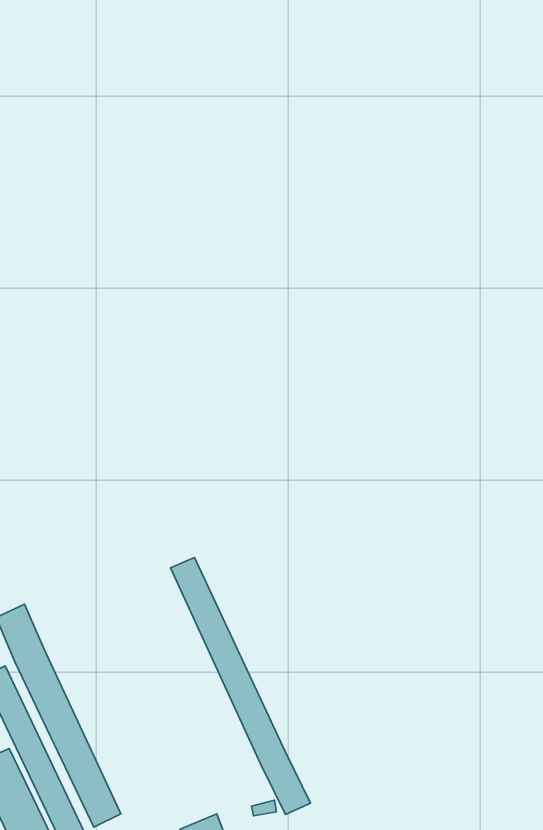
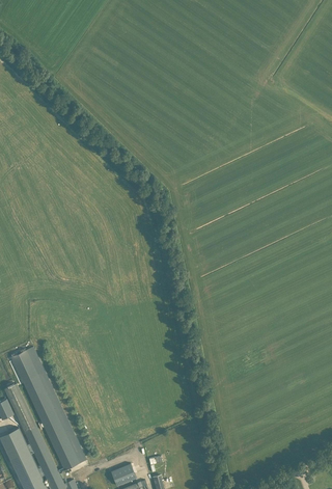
building: [170,558,311,815] -> none

